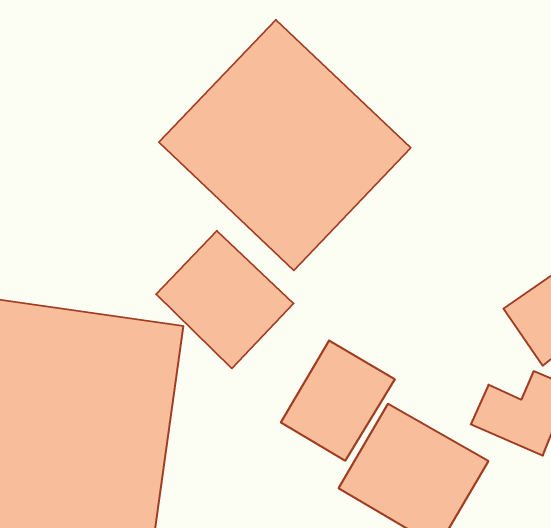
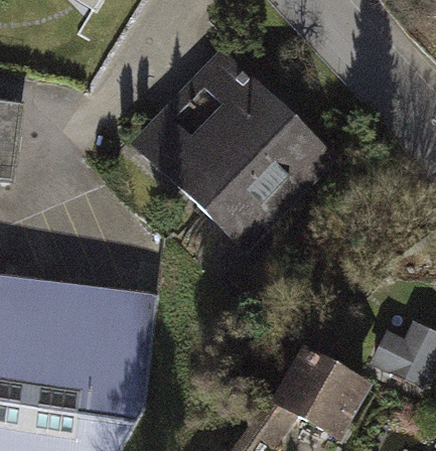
building: [156,231,294,368] -> none
building: [281,340,395,461] -> none

